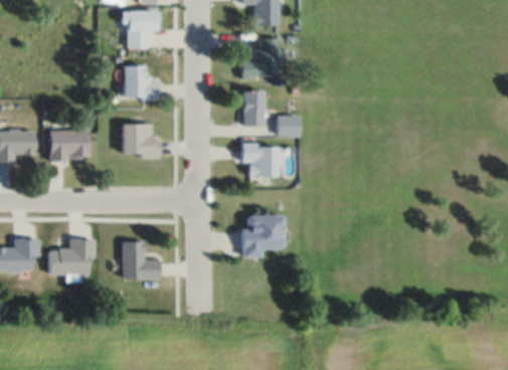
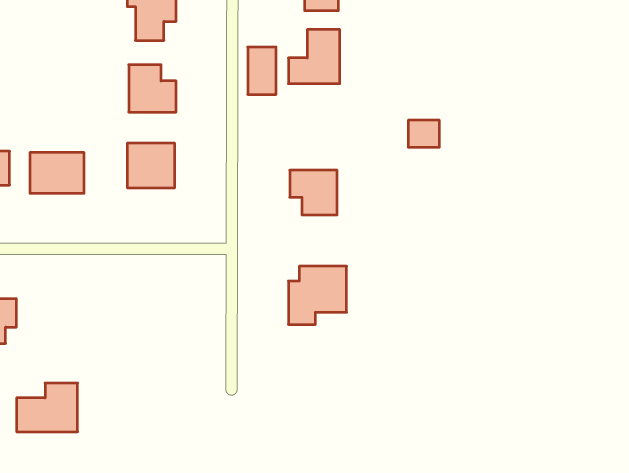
building: [242,91,264,127] -> [248,47,276,94]
building: [277,117,300,137] -> [408,120,439,147]
building: [48,239,94,275] -> [17,383,78,432]
building: [122,242,159,280] -> none

